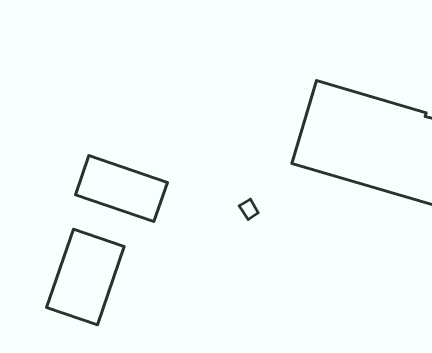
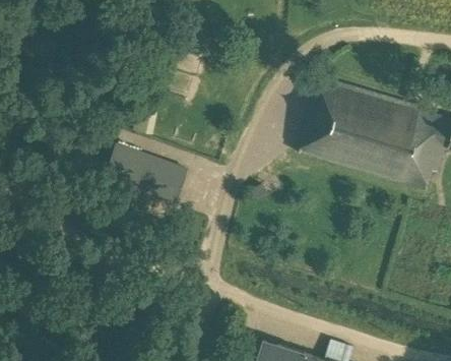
building: [47,229,124,325] -> none

